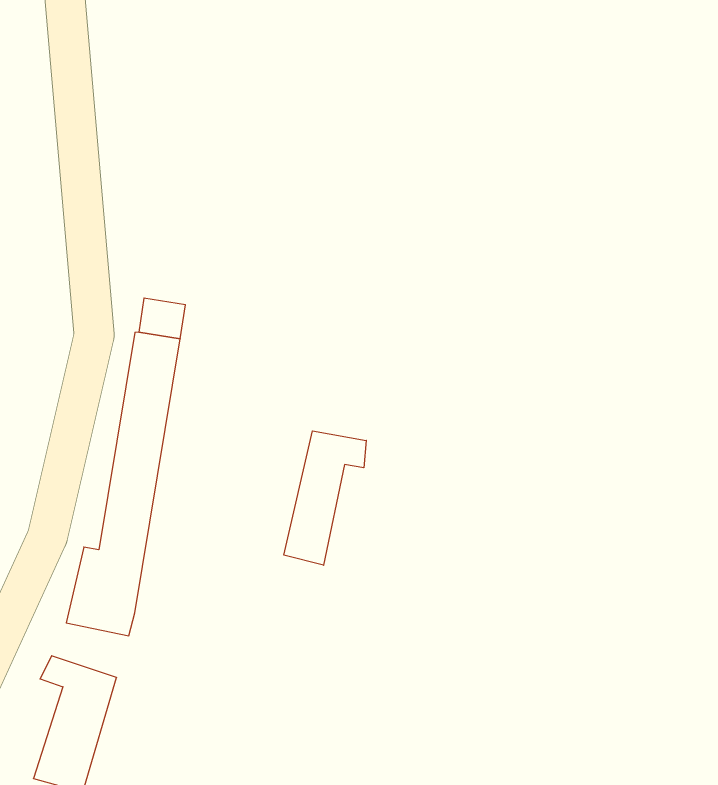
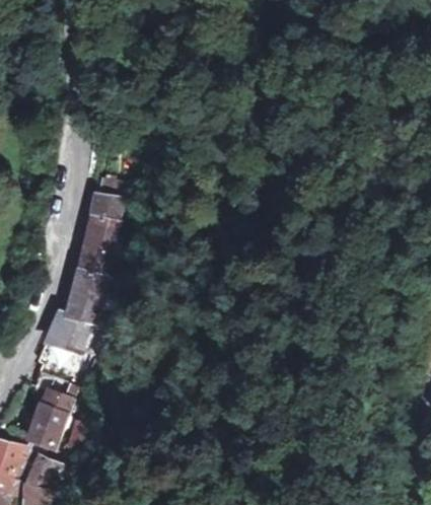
building: [284,431,366,565] -> none

